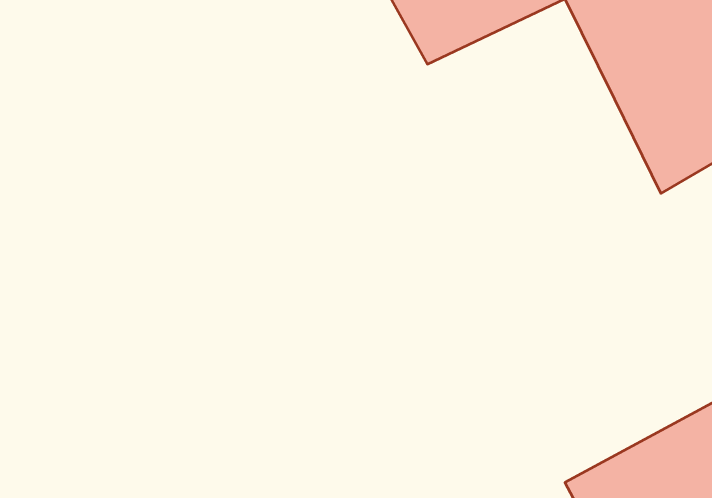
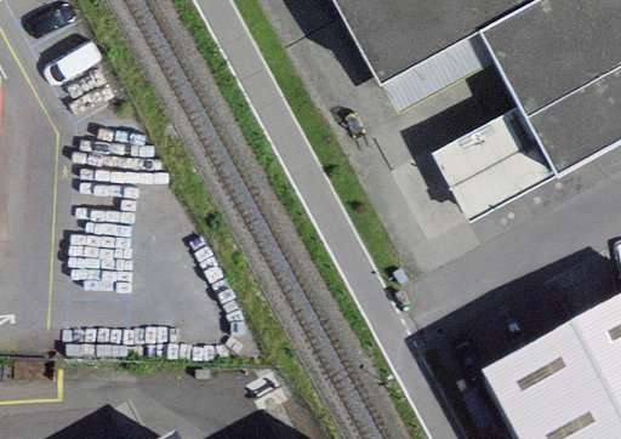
building: none -> [441,102,556,217]

